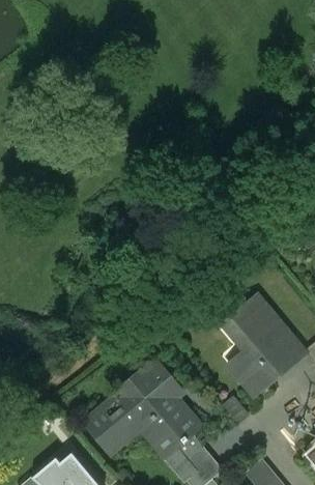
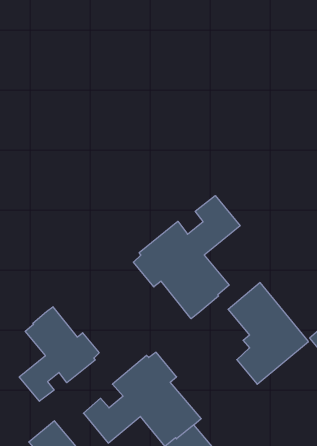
building: none -> [133,196,240,319]
building: none -> [19,307,99,401]

